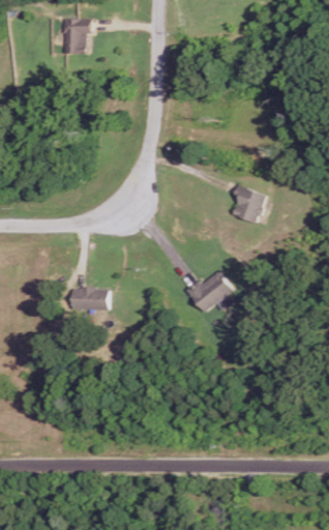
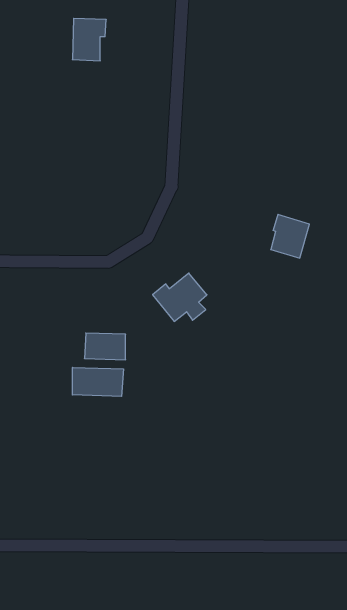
building: [186,271,233,313] -> [153,273,207,321]
building: none -> [72,367,123,396]

